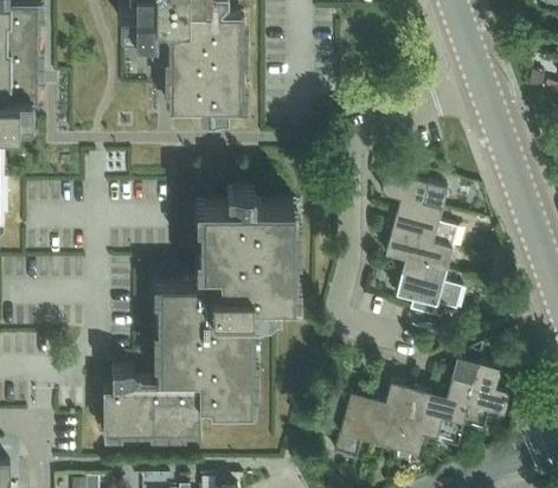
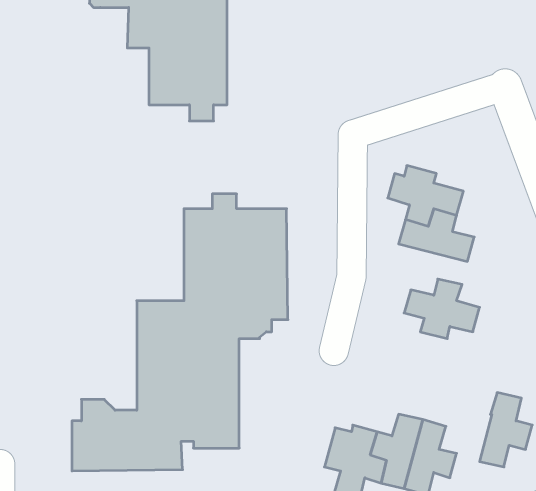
building: [386,235,451,280] -> none
building: [426,359,477,444] -> none

